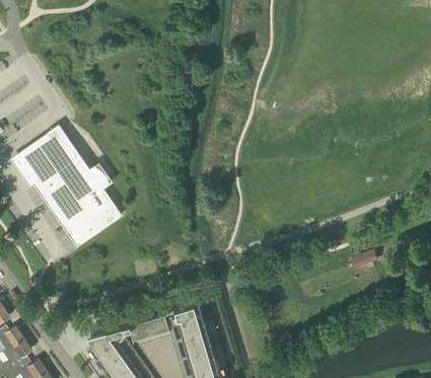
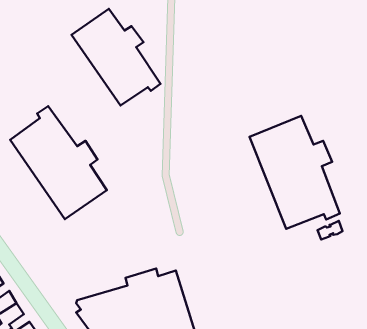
building: none -> [71,9,160,106]
building: none -> [249,116,340,229]

